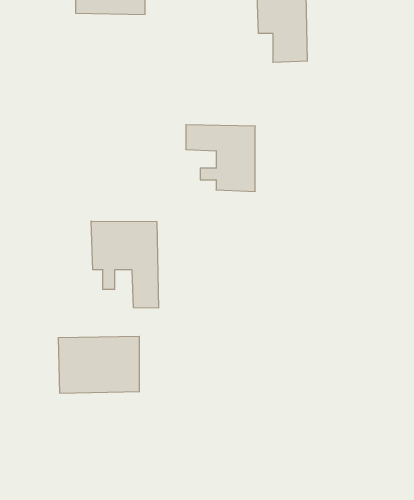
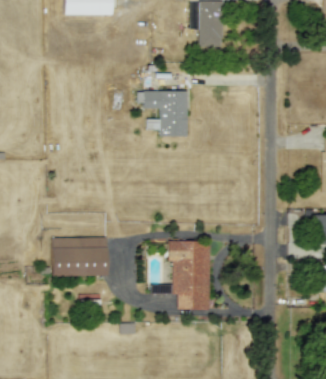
building: [91,221,159,308] -> none
building: none -> [169,241,211,309]

